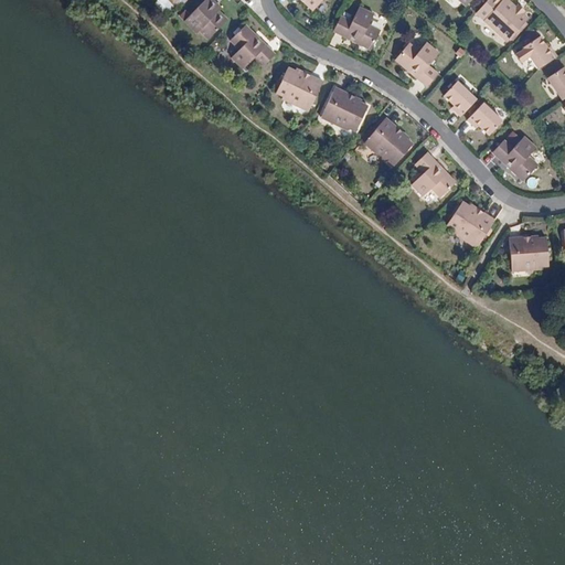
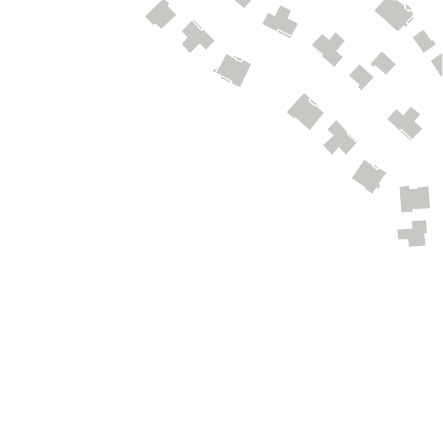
building: [320,87,369,130] -> none
building: [467,103,501,135] -> [370,50,396,76]
building: none -> [397,220,427,247]

